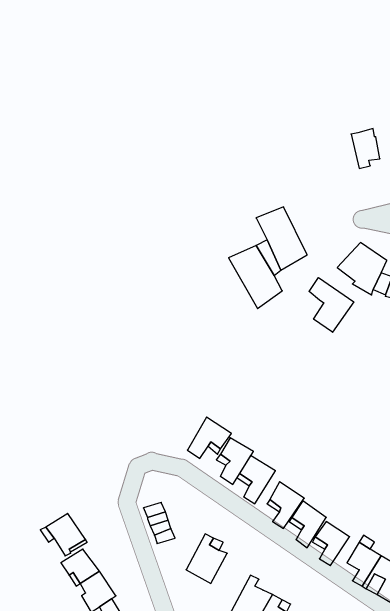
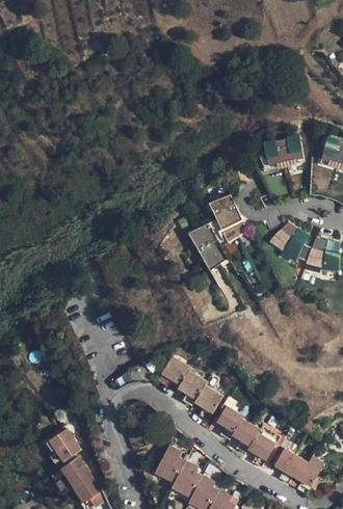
building: none -> [258,142,287,170]
building: [309,278,354,332] -> none
building: none -> [175,461,204,498]

